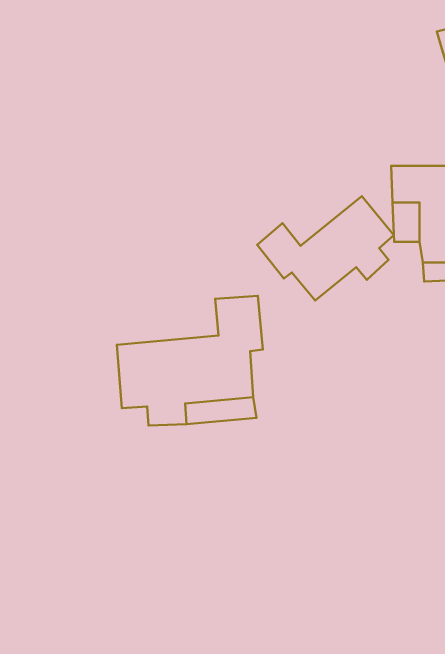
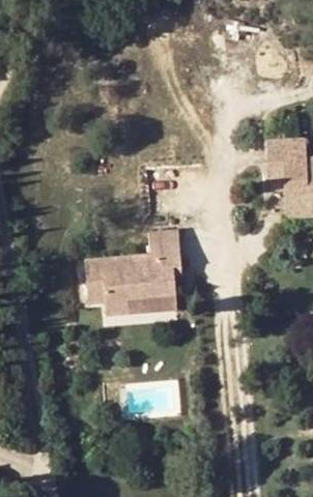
building: [257,196,394,301] -> none

